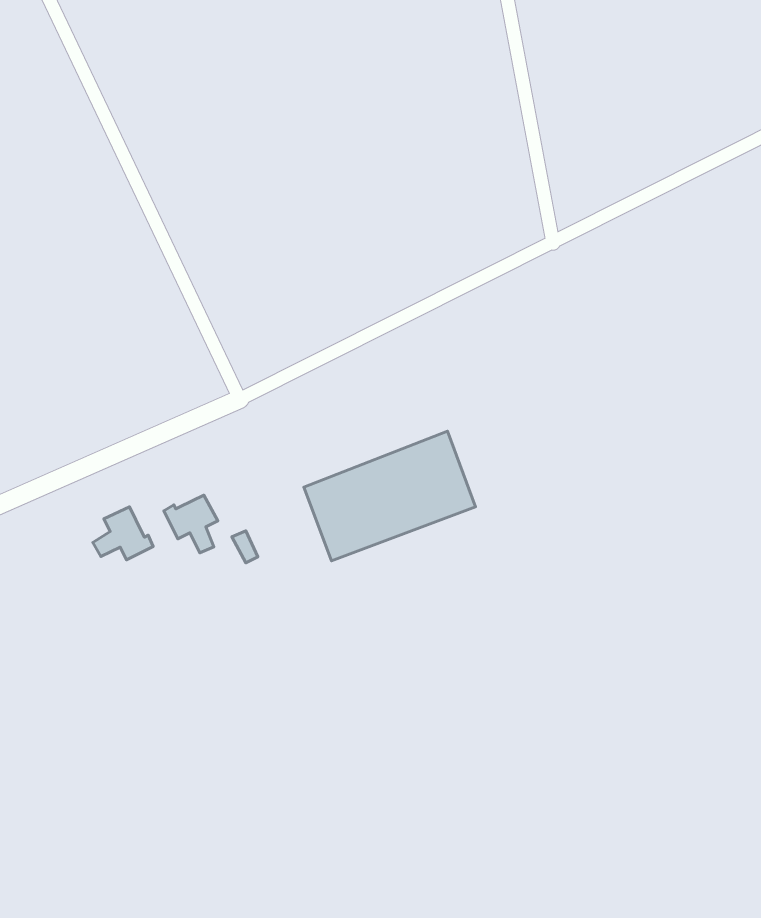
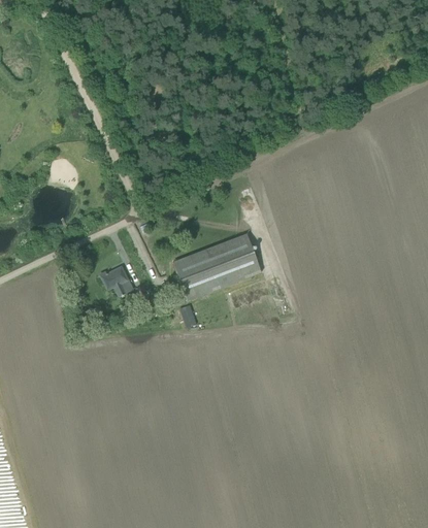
building: [93,507,153,560] -> none

